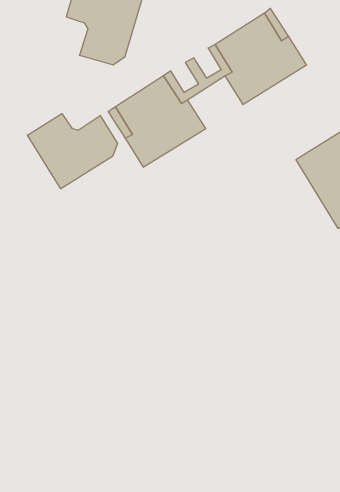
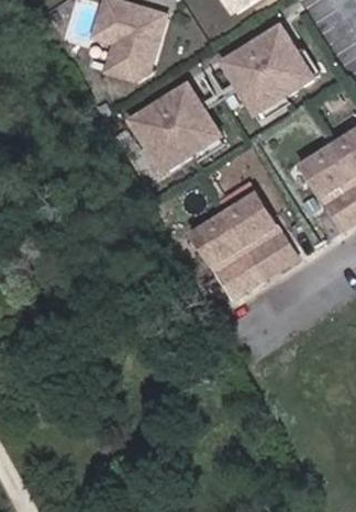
building: [27,114,117,189] -> none
building: none -> [194,193,296,296]

